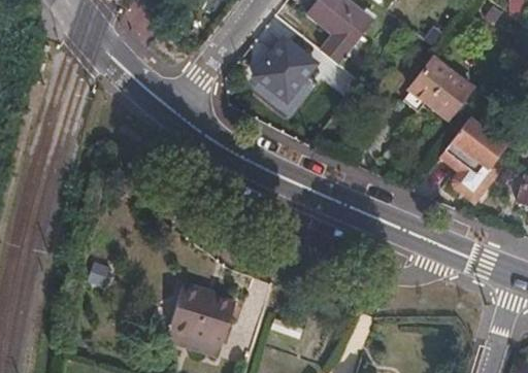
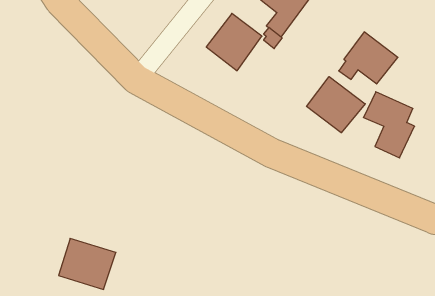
building: none -> [307,77,365,133]
building: [162,282,229,342] -> [59,238,116,289]

